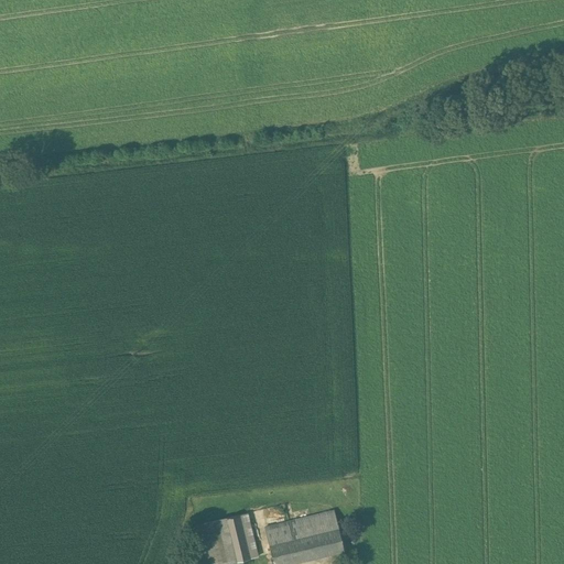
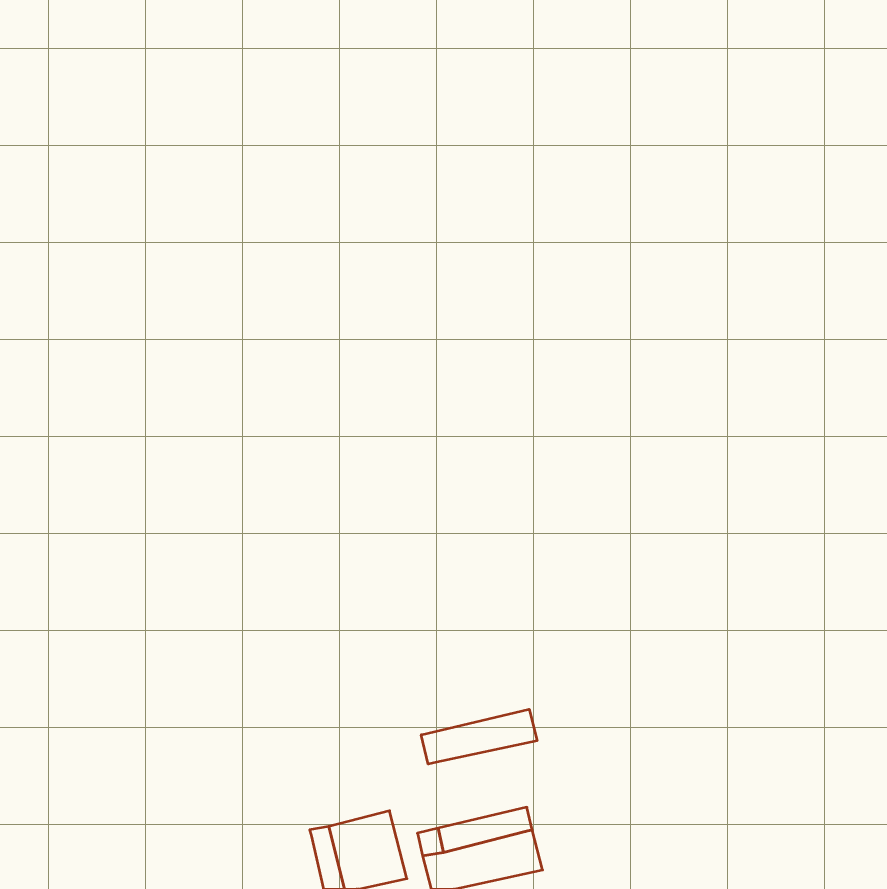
building: none -> [421,709,537,764]

